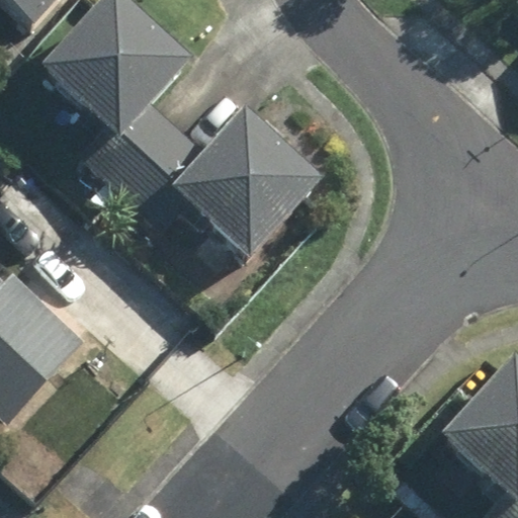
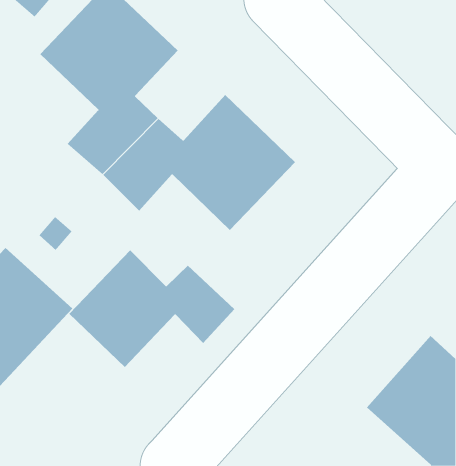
building: none -> [69,250,235,368]

